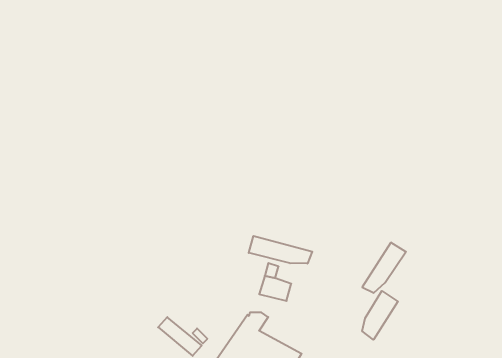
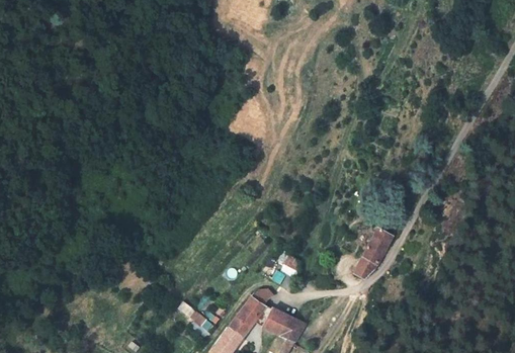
building: [249,236,312,264] -> none
building: [362,291,398,340] -> none

